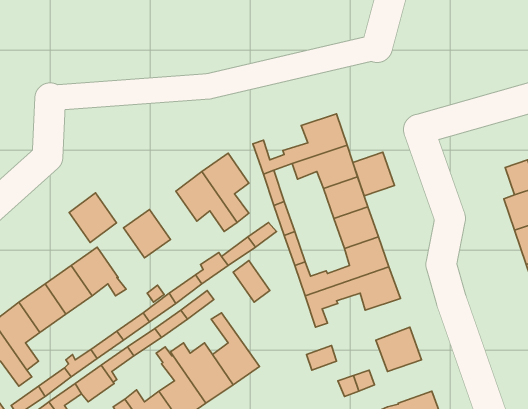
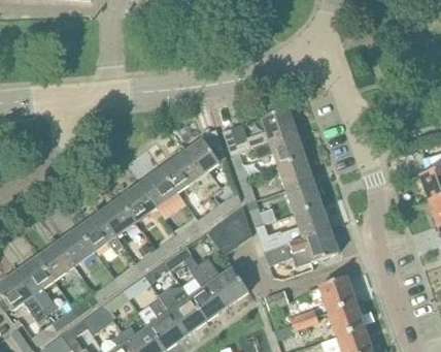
building: [353,152,394,196] -> none
building: none -> [141,168,178,206]
building: [69,193,116,243] -> [100,197,137,236]
building: none -> [219,206,252,247]
building: none -> [198,257,249,307]
building: none -> [329,301,364,335]

